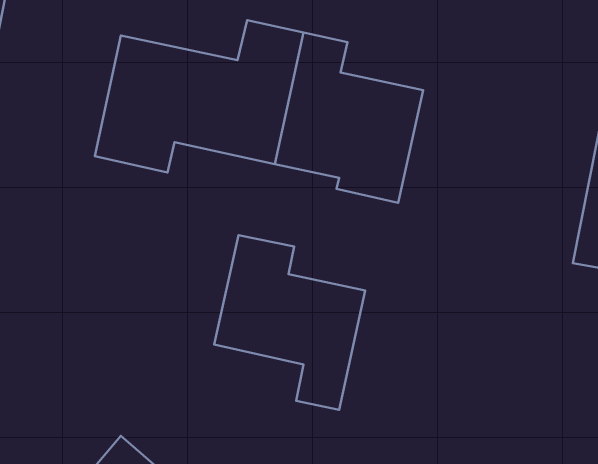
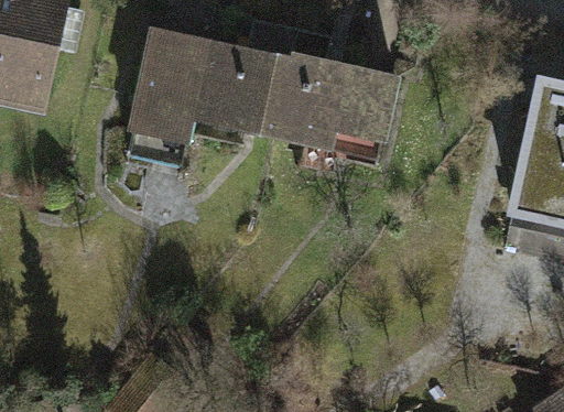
building: [214,235,365,410] -> none

